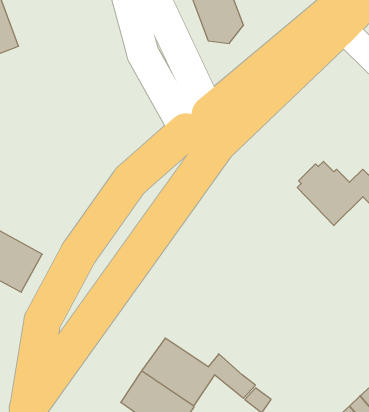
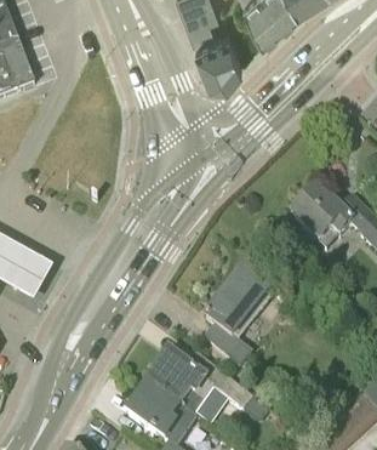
building: none -> [206,266,273,364]

